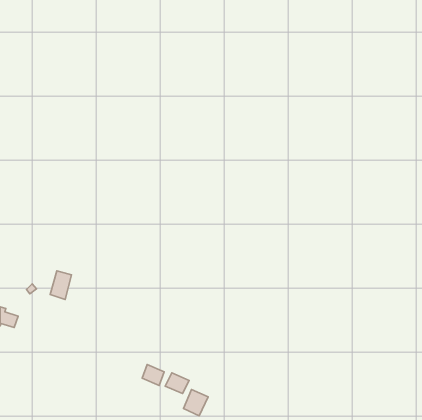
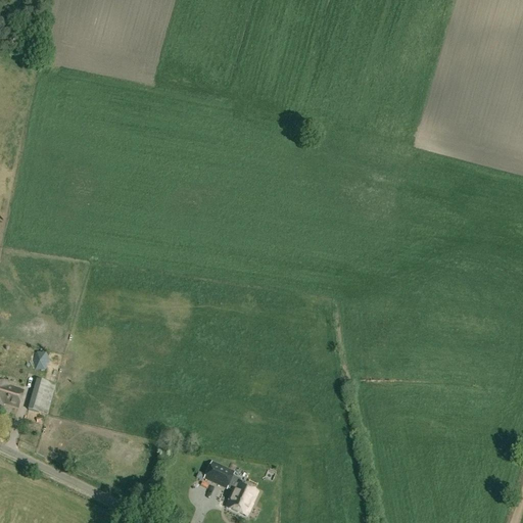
building: [50,271,72,300] -> [29,378,55,414]
building: [142,365,164,385] -> none

